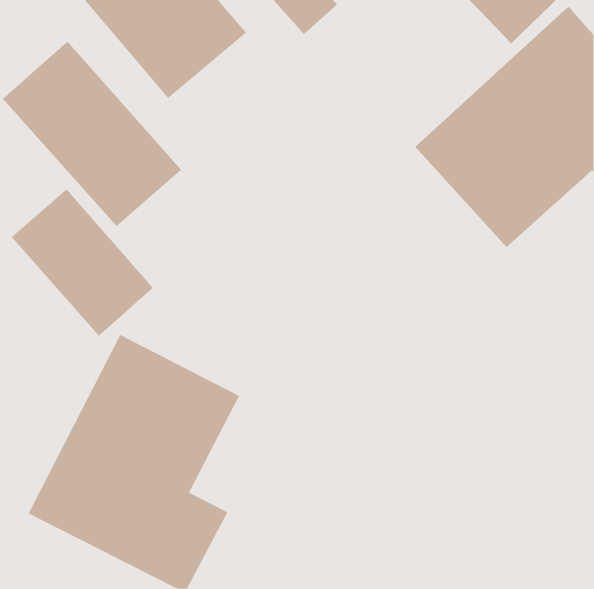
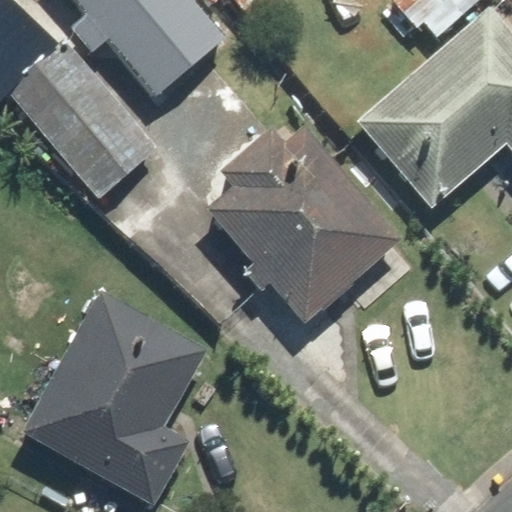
building: none -> [206,112,399,321]
building: [11,188,154,336] -> none

